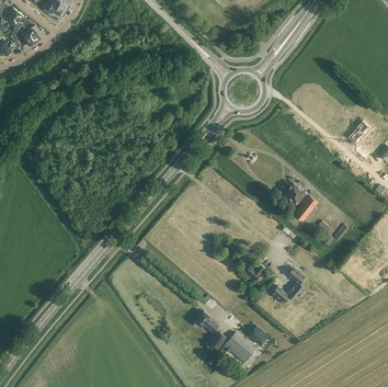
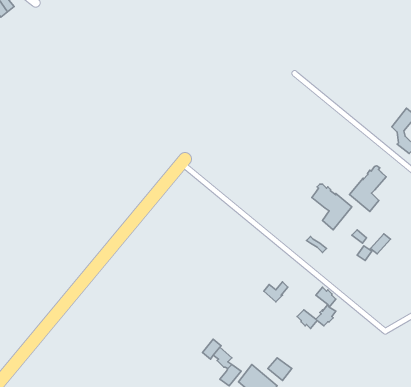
building: none -> [350,166,386,212]

